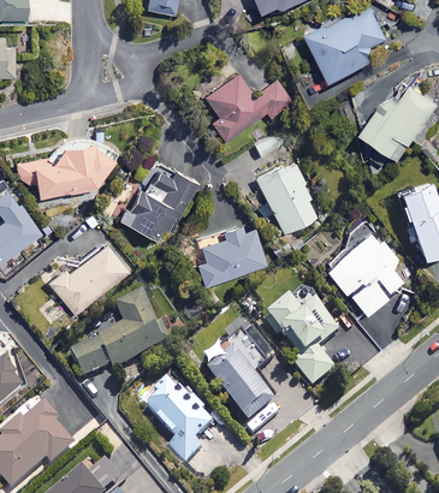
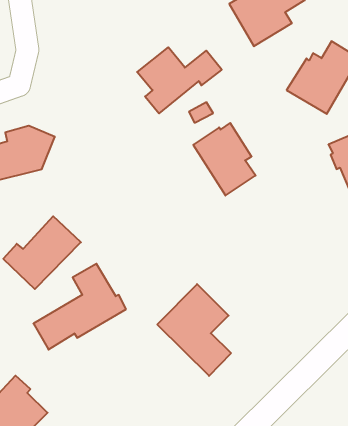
building: [120,166,194,239] -> none
building: [197,221,265,286] -> none
building: [325,233,402,315] -> none
building: [266,296,339,387] -> none
building: [147,379,213,463] -> none

